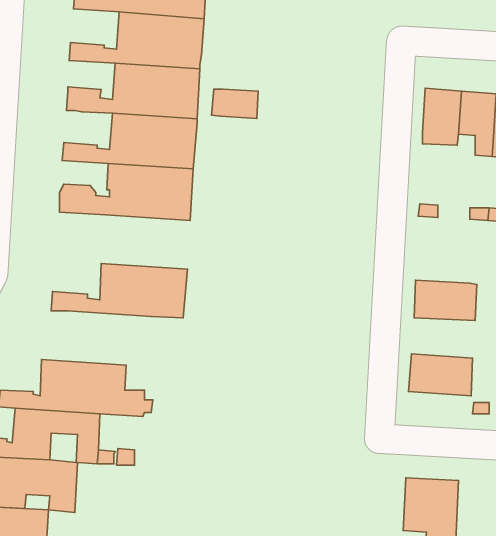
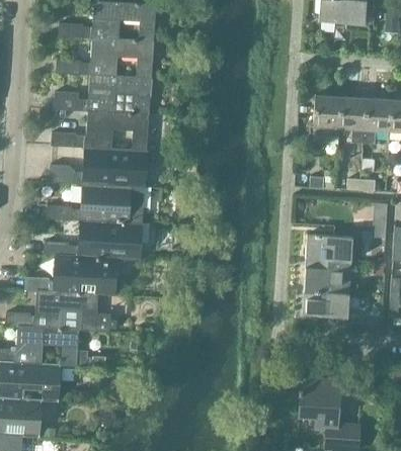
building: [212,89,258,118] -> none
building: none -> [46,186,144,226]
building: none -> [24,256,115,296]
building: none -> [305,261,351,290]

